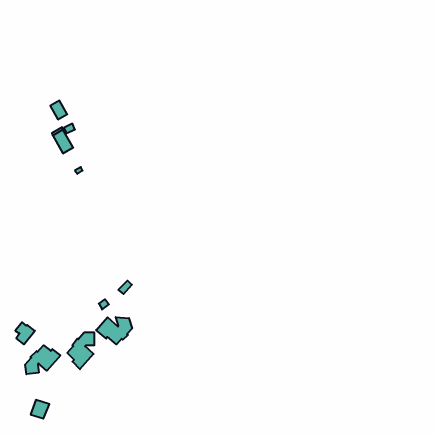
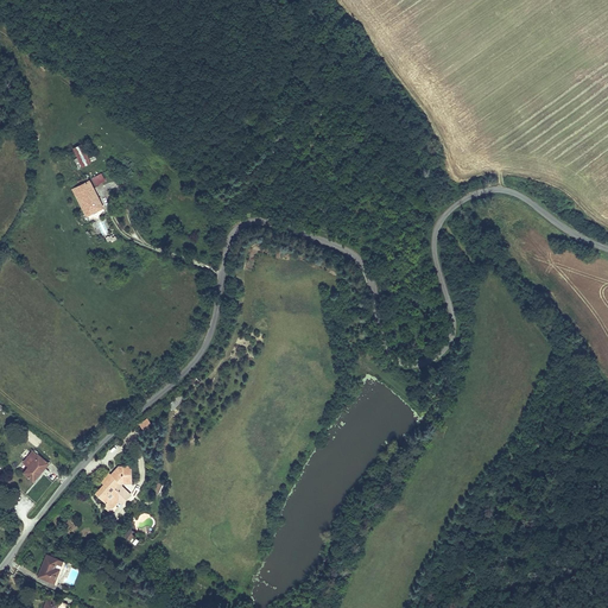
building: [96,317,132,344] -> none
building: [25,345,60,374] -> none

